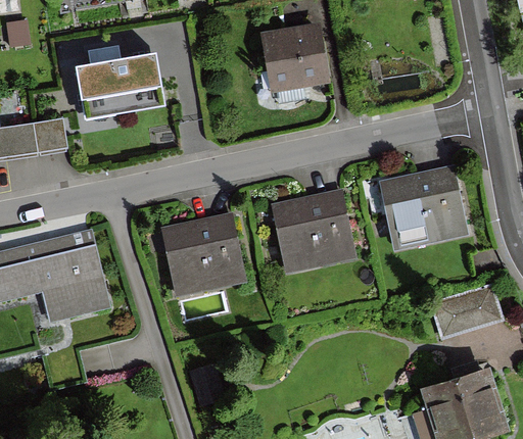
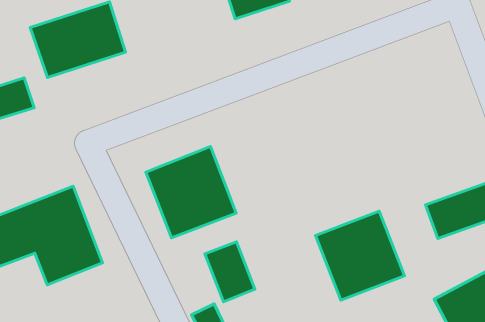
building: [379,165,467,247] -> none
building: [273,189,353,270] -> [315,211,405,300]
building: none -> [205,242,255,302]

